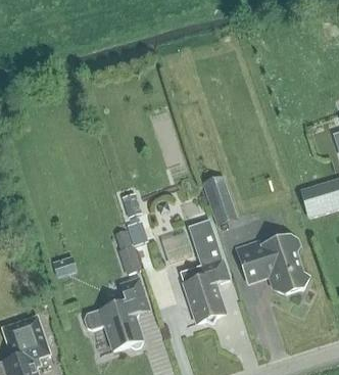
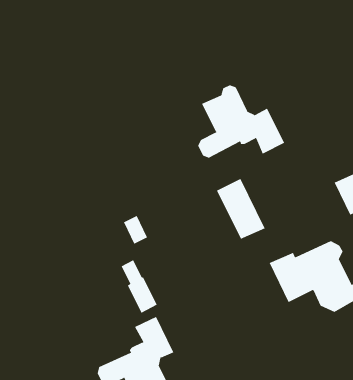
building: none -> [198,84,285,159]
building: [180,218,230,322] -> none

